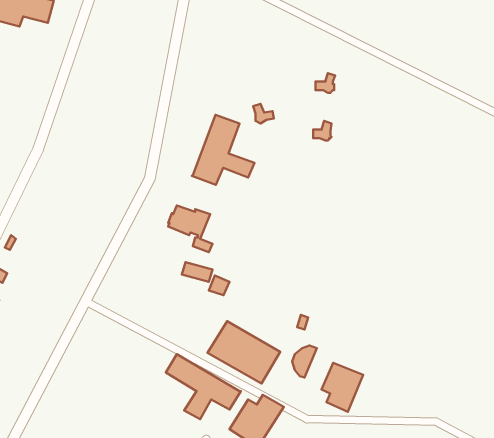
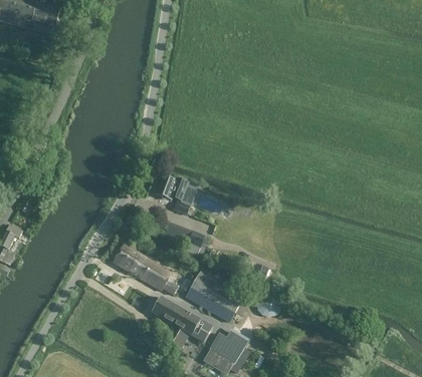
building: [192,115,254,185] -> none
building: none -> [114,245,178,295]
building: [322,363,363,412] -> none

